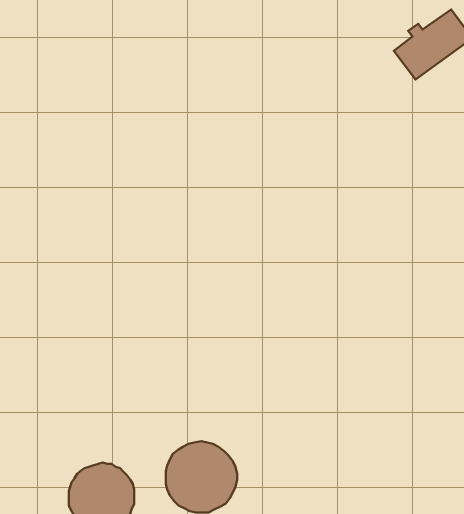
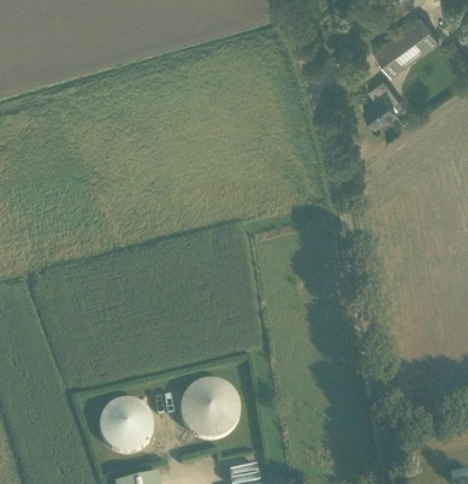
building: none -> [365,76,398,123]

